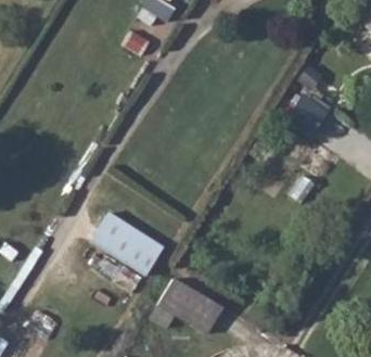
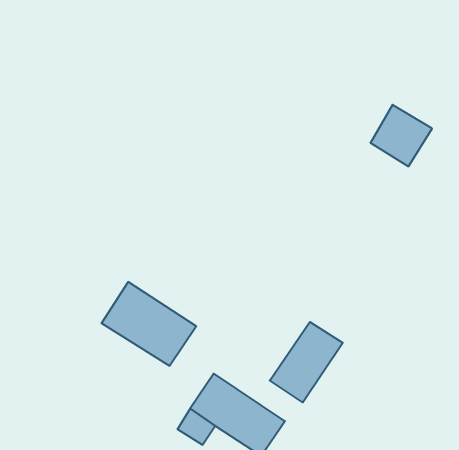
building: none -> [270,322,343,402]

